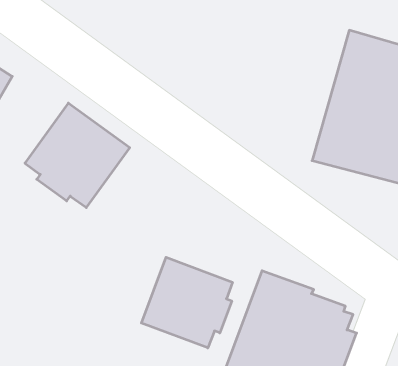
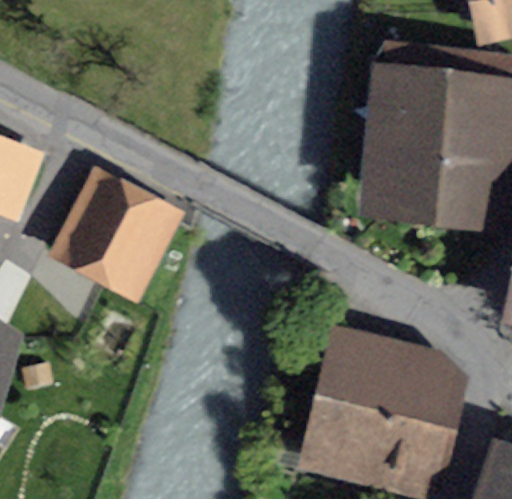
building: [141,257,232,348] -> none

